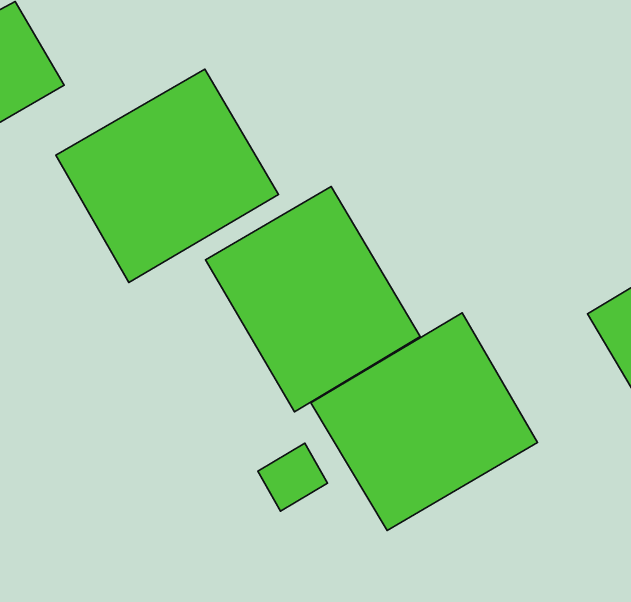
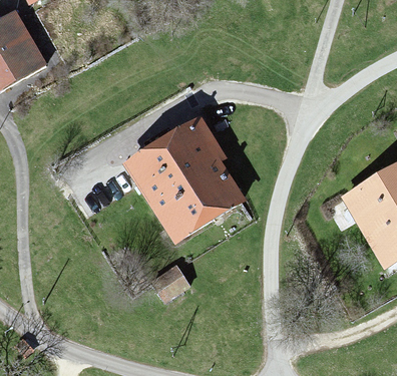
building: [56,69,279,283] -> none
building: [311,313,538,531] -> none

